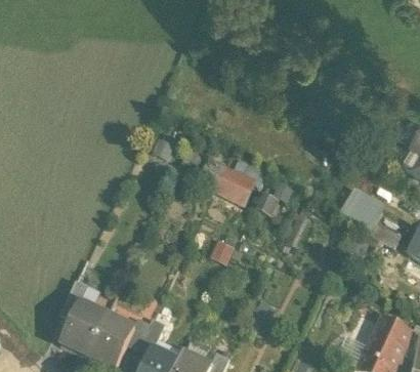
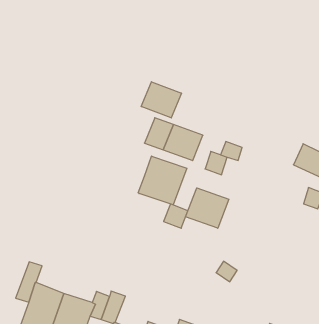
building: none -> [141,82,181,118]
building: none -> [138,156,187,205]
building: none -> [186,188,229,228]

